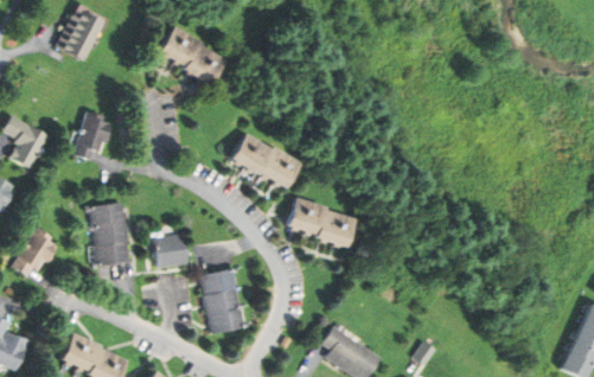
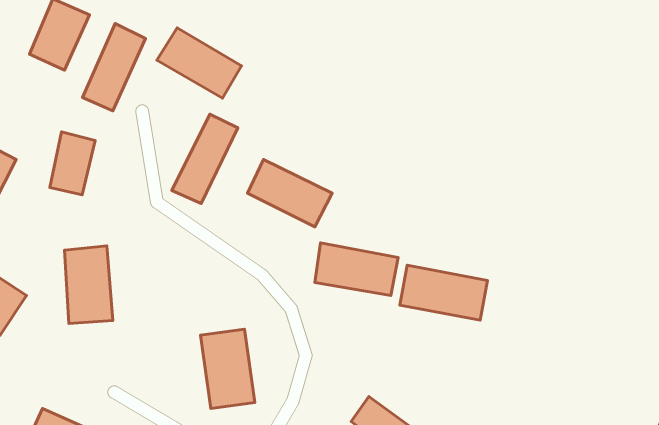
building: none -> [82,23,146,111]
building: none -> [172,114,238,203]
building: none -> [400,265,488,320]
building: [149,234,190,269] -> none

